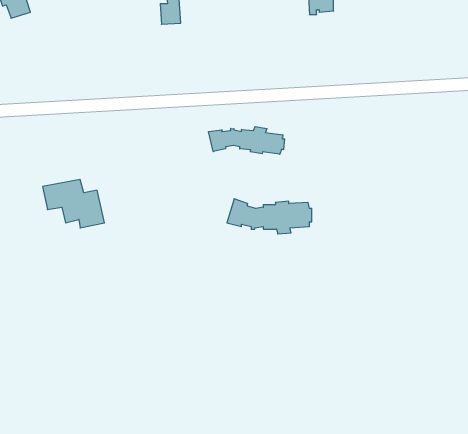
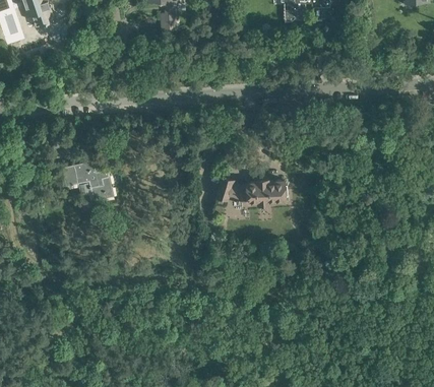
building: [209,127,285,154] -> none

